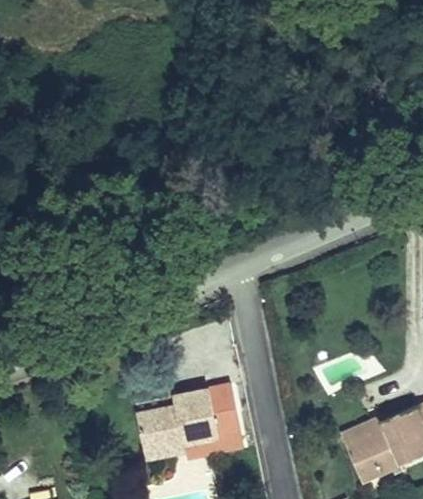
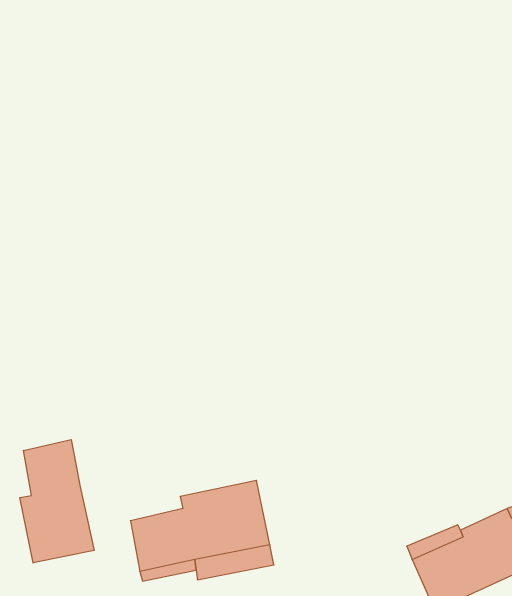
building: none -> [20,440,94,563]

